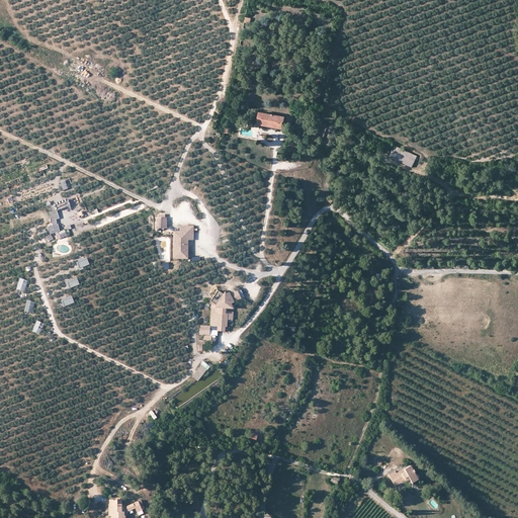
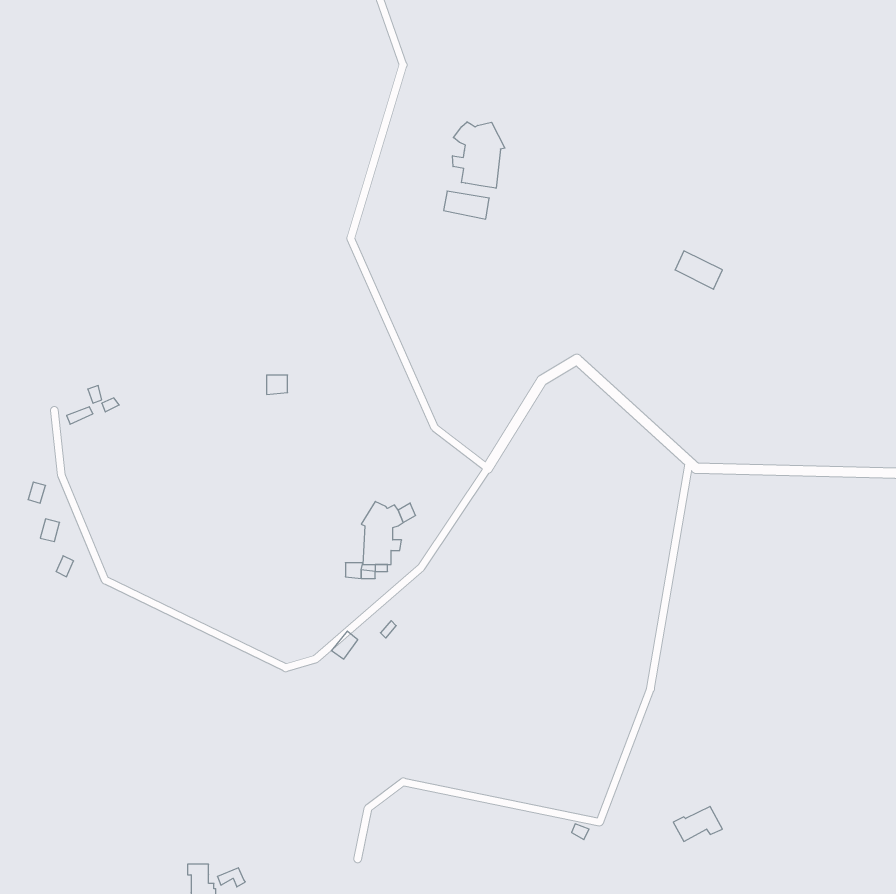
building: none -> [453,122,505,188]
building: [173,226,193,258] -> none

